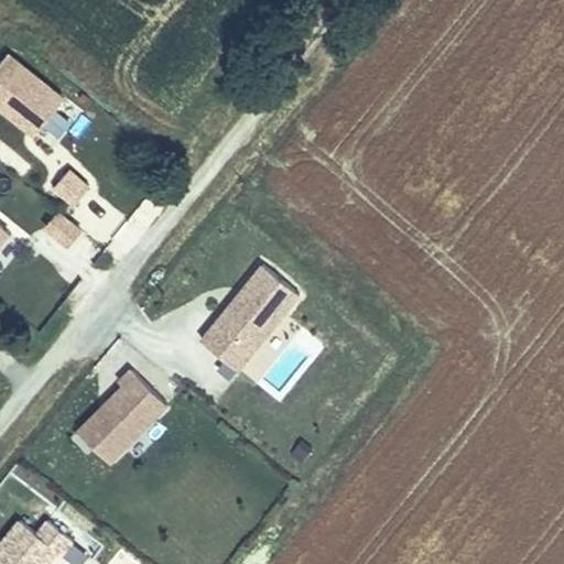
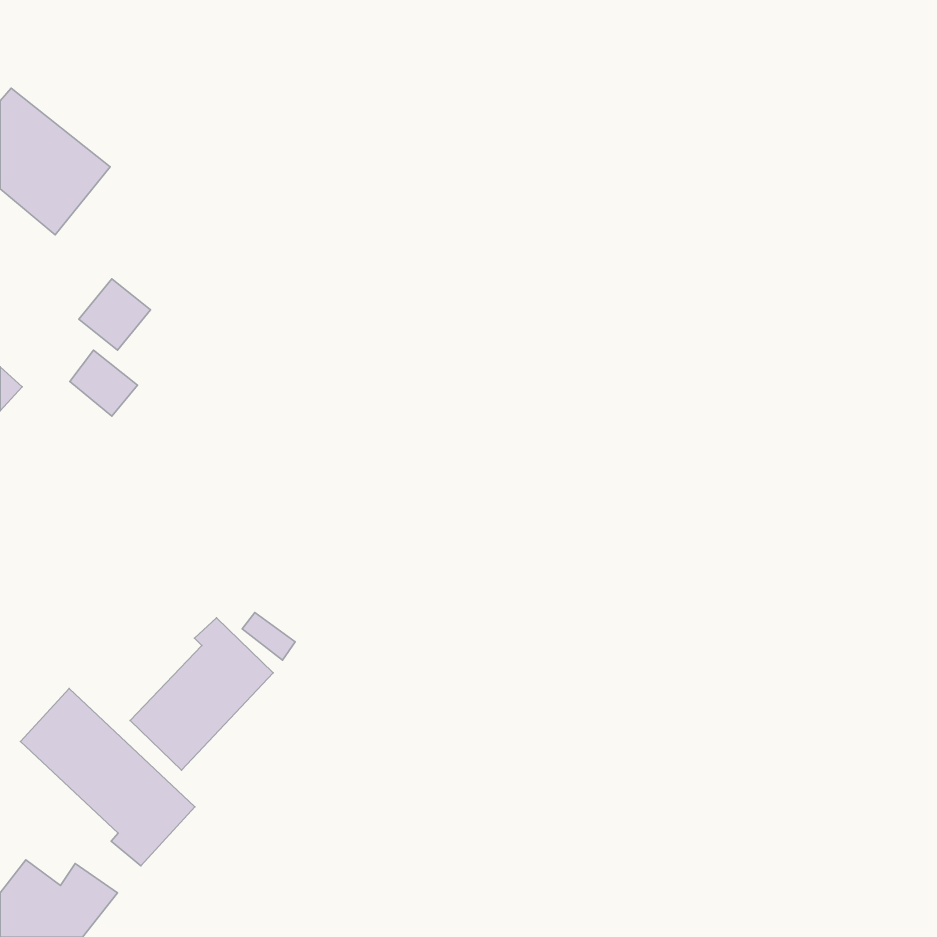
building: [199,267,296,371] -> none
building: none -> [20,688,195,866]

